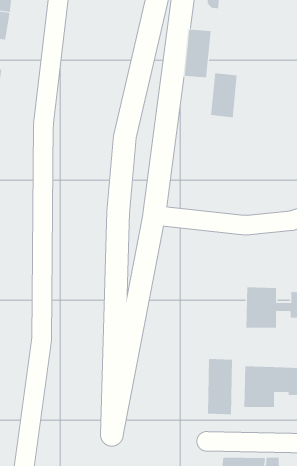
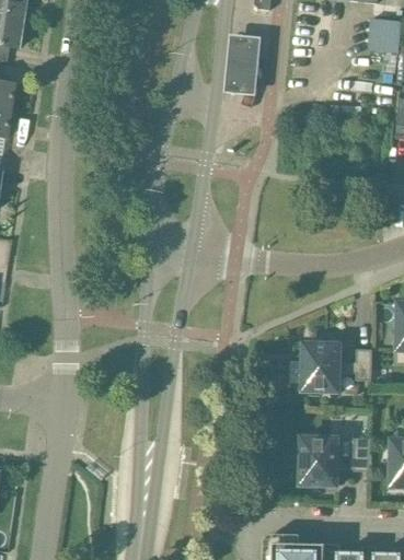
building: [211,72,237,118] -> none
building: [207,358,233,415] -> none

